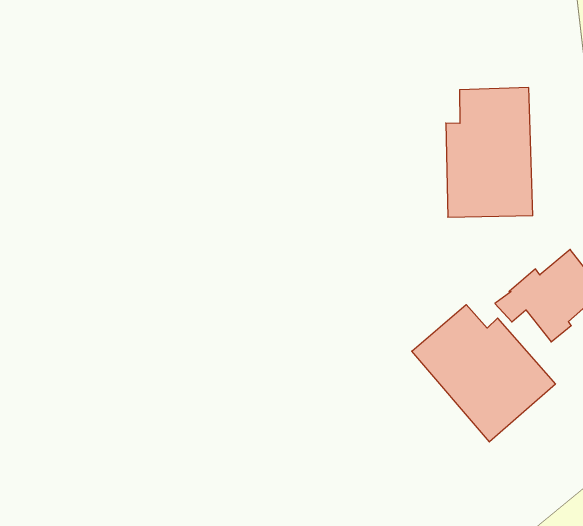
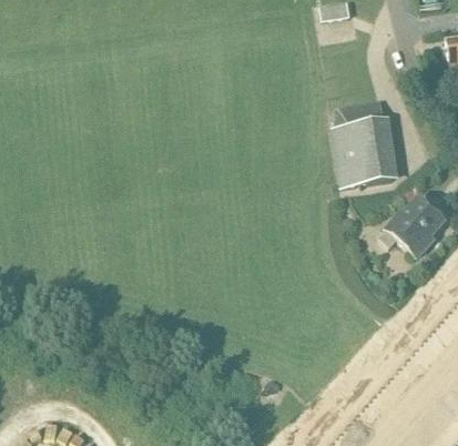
building: [412,305,555,442] -> none

